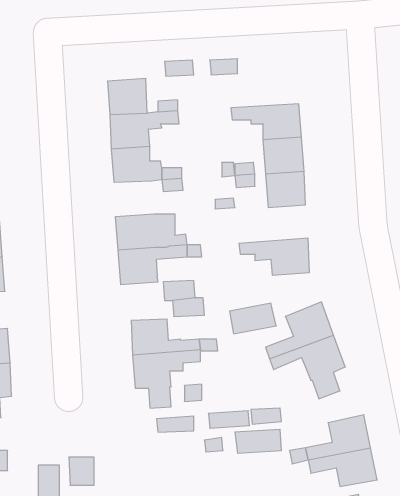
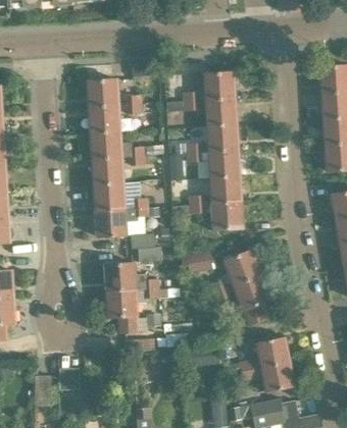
building: none -> [183,71,235,101]
building: none -> [93,157,123,184]
building: none -> [189,175,242,205]

